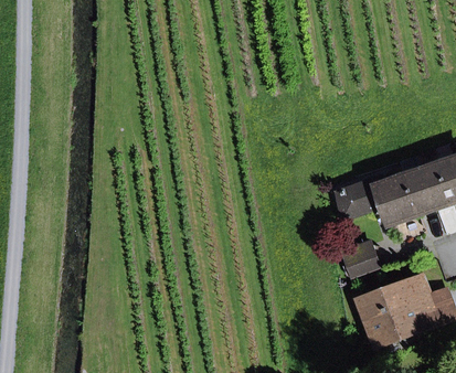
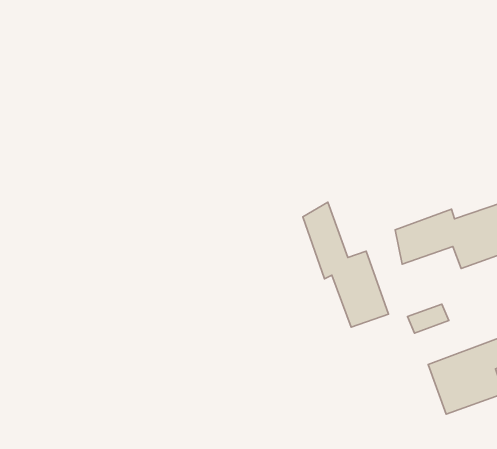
building: none -> [303,202,388,327]

